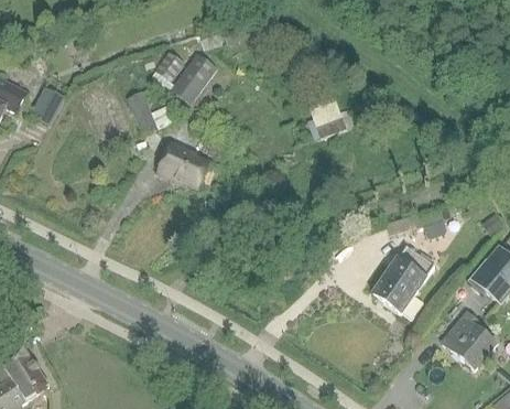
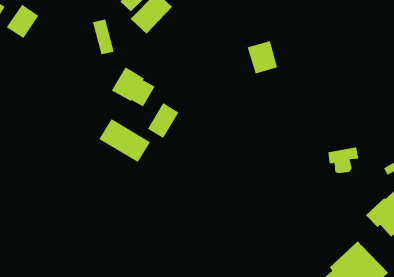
building: none -> [147,102,179,139]
building: none -> [99,118,151,163]
building: [372,247,434,315] -> none

